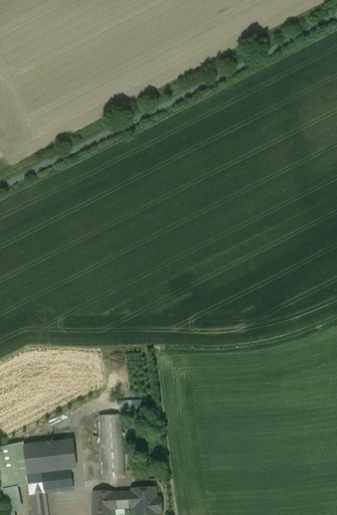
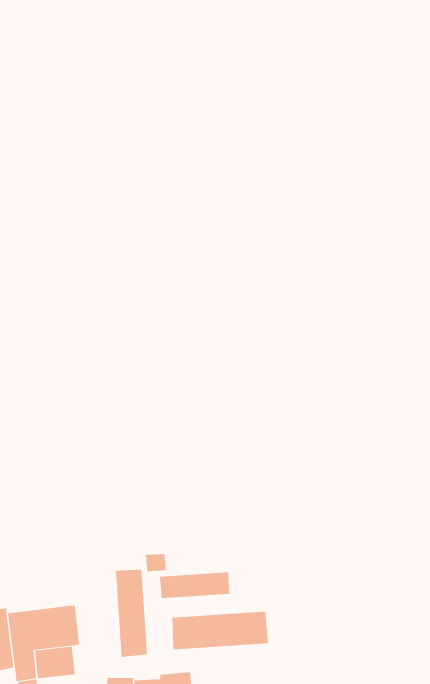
building: none -> [159,572,230,599]
building: none -> [172,611,268,650]

